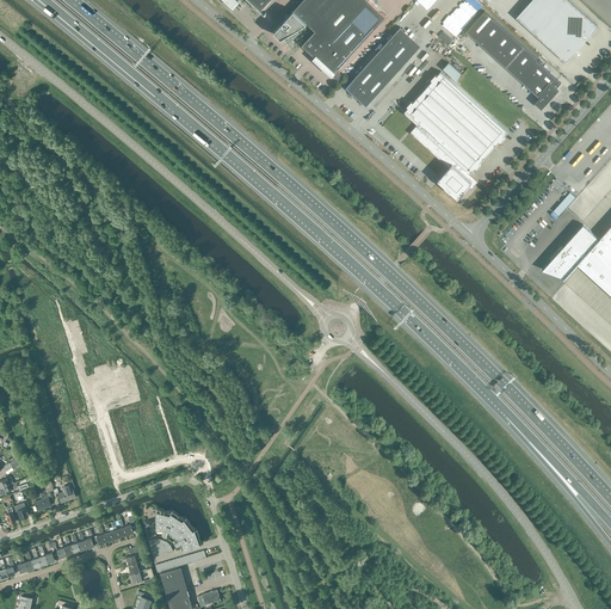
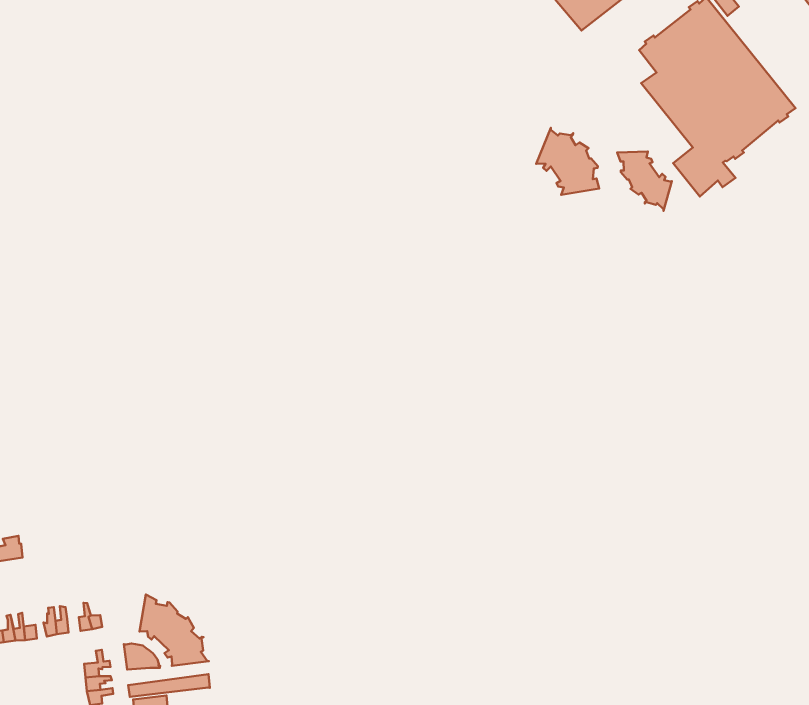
building: none -> [536,128,599,195]
building: none -> [617,151,672,211]

